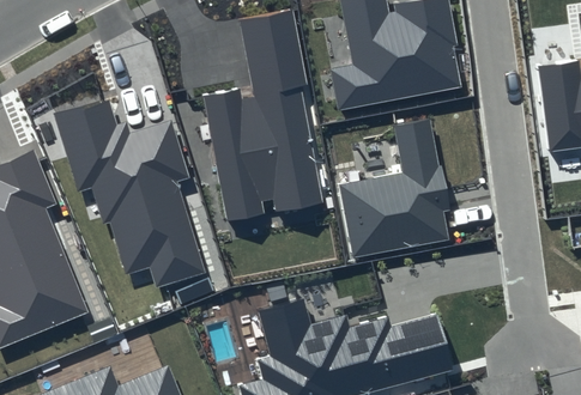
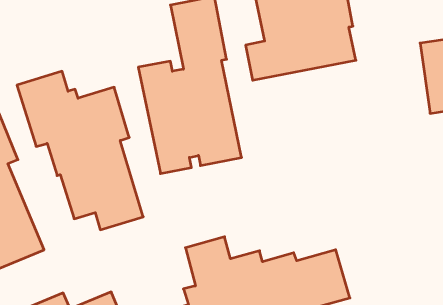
building: [339,120,450,259] -> none

